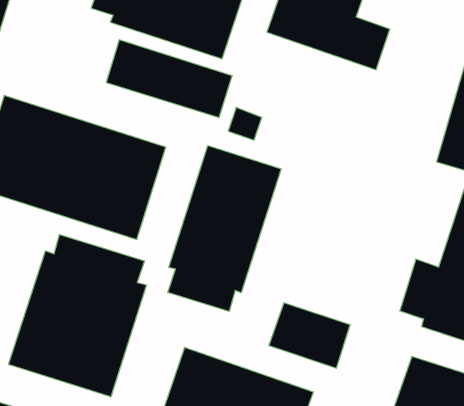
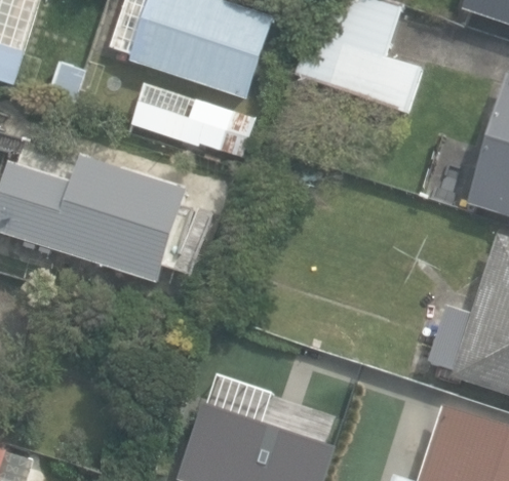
building: [168,146,281,311] -> none
building: [9,235,146,397] -> none

